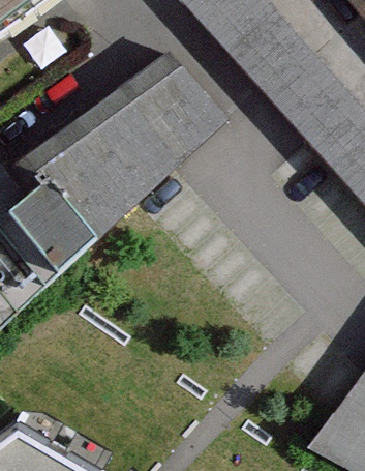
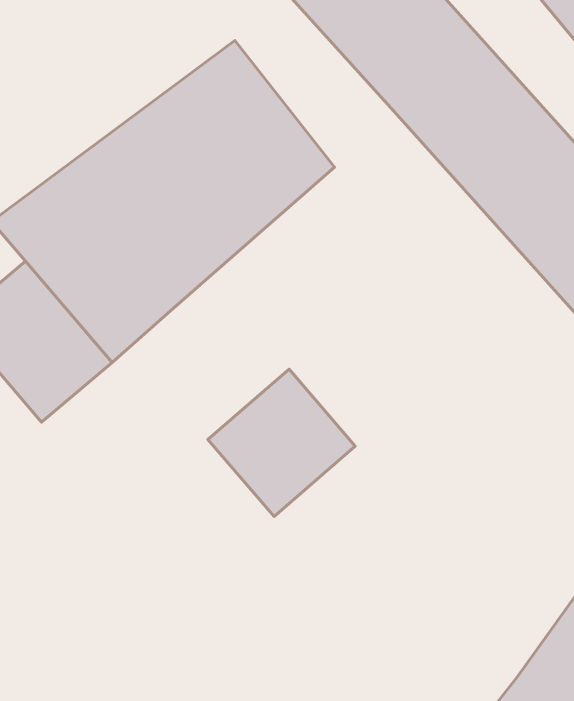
building: none -> [208,369,355,517]

